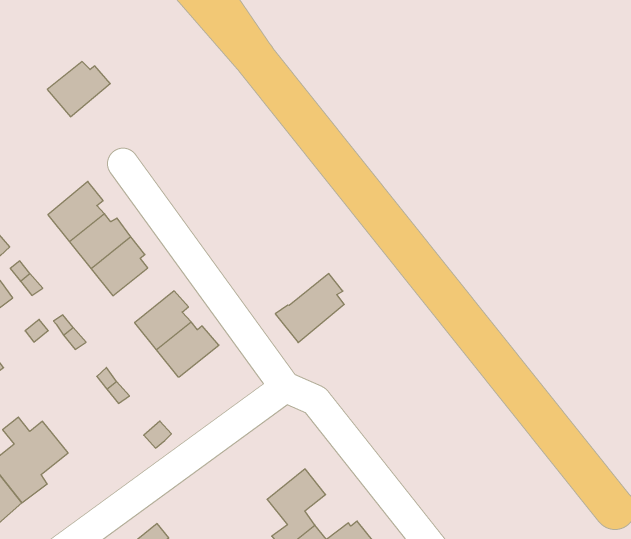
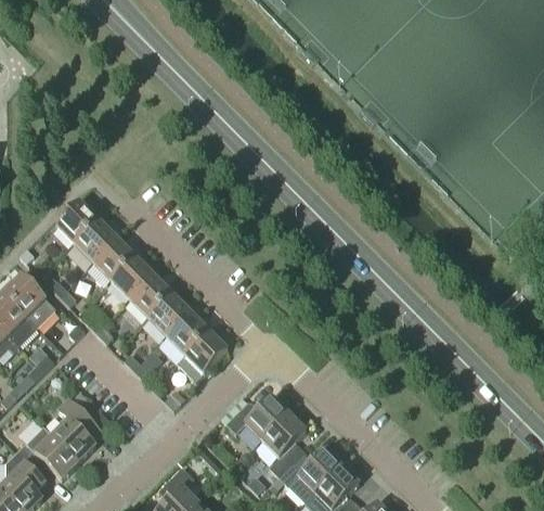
building: [47,62,110,117] -> [55,203,102,245]
building: none -> [130,277,176,319]
building: [275,274,344,343] -> [177,329,228,383]
building: none -> [221,397,288,440]

